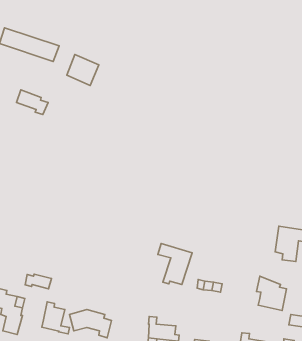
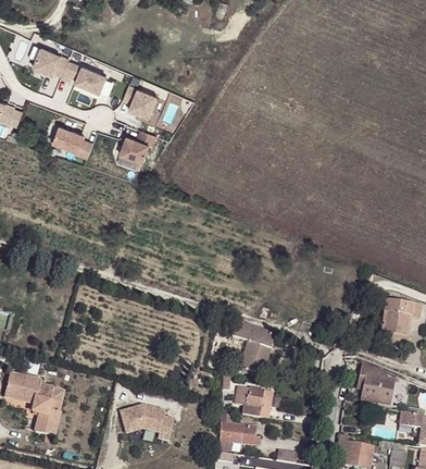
building: none -> [121,129,156,162]
building: [25,274,52,289] -> none
building: none -> [236,386,273,418]
building: [42,302,70,334] -> none

